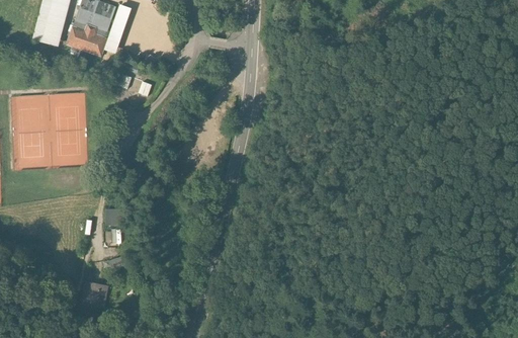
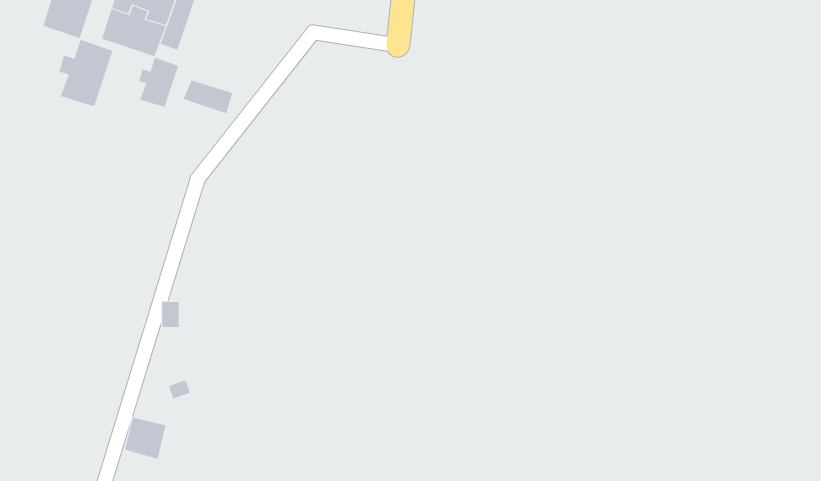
building: none -> [59,39,113,107]
building: none -> [139,57,179,108]

